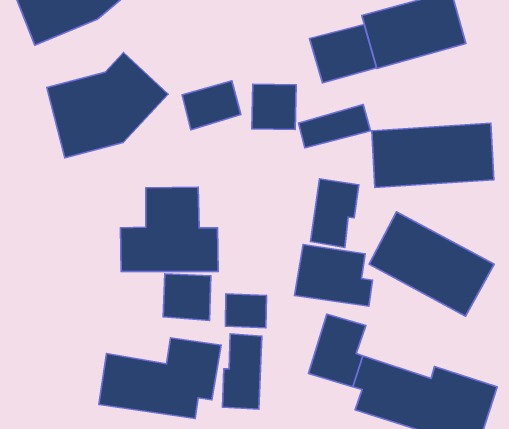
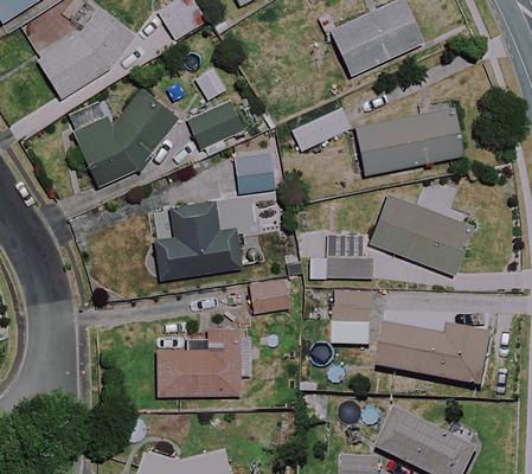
building: [309,25,377,83] -> none
building: [252,84,296,130] -> [233,149,275,192]
building: [310,179,359,247] -> none
building: [163,274,211,320] -> none
building: [223,334,262,409] -> none

